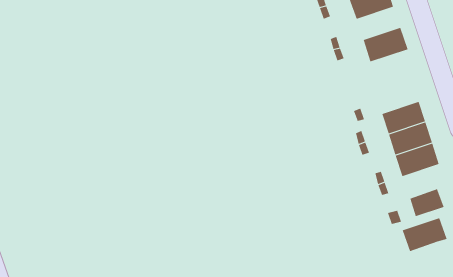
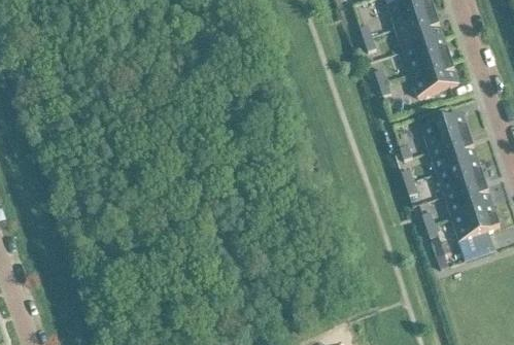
building: none -> [404,37,451,72]
building: none -> [422,113,471,150]
building: [402,218,447,252] -> [452,204,501,240]

